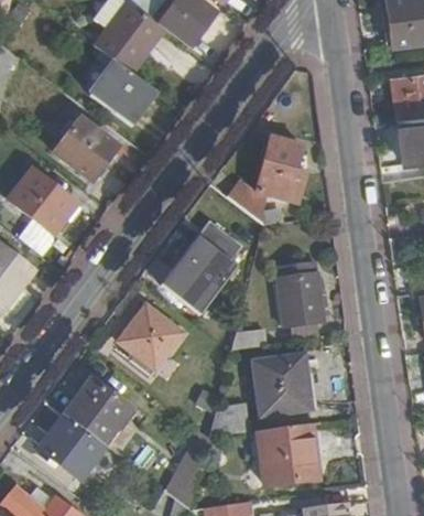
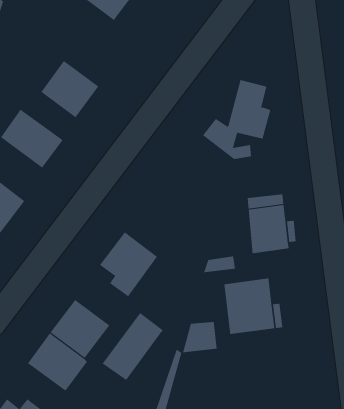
building: [90,62,157,127] -> none
building: [161,222,243,313] -> none
building: none -> [102,312,164,381]
building: [256,423,320,488] -> none

